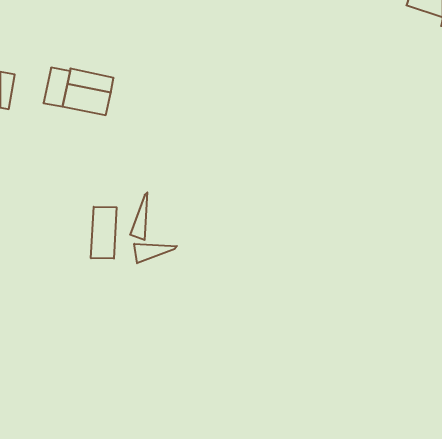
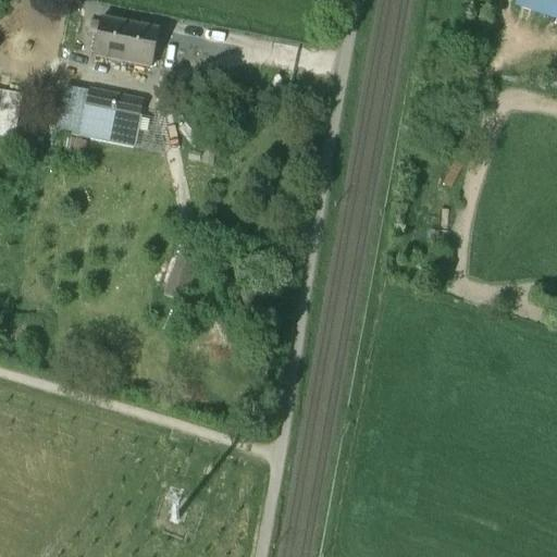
building: none -> [94,16,158,64]
building: [91,207,117,259] -> none
building: [134,244,177,263] -> none

